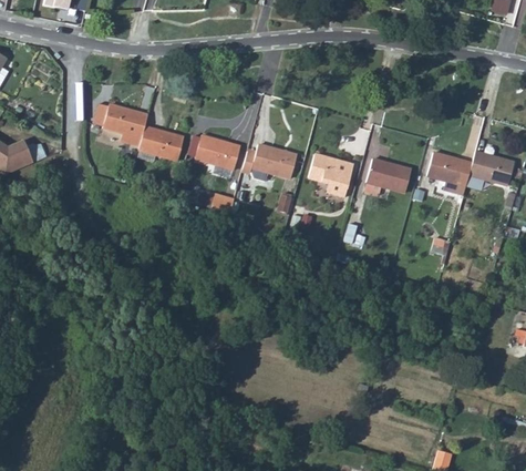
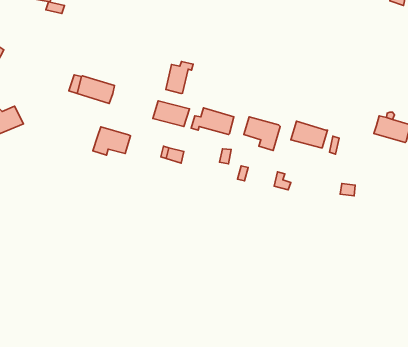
building: none -> [166,62,193,94]
building: [136,124,183,160] -> [93,127,130,155]
building: [430,153,474,186] -> none

